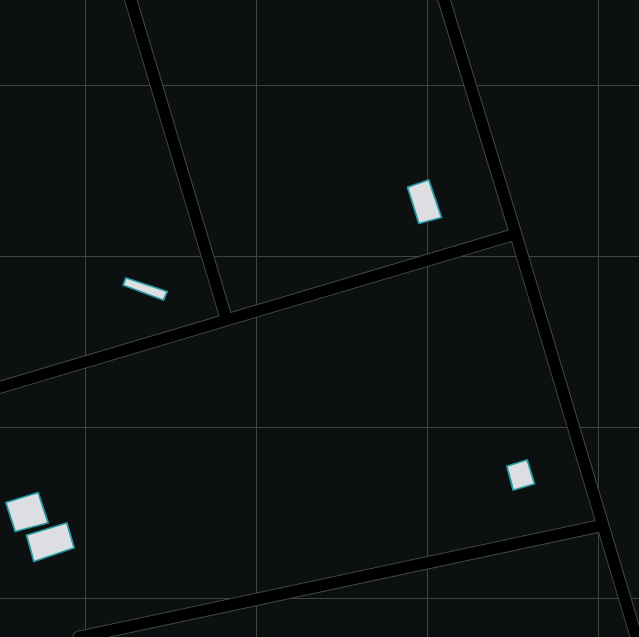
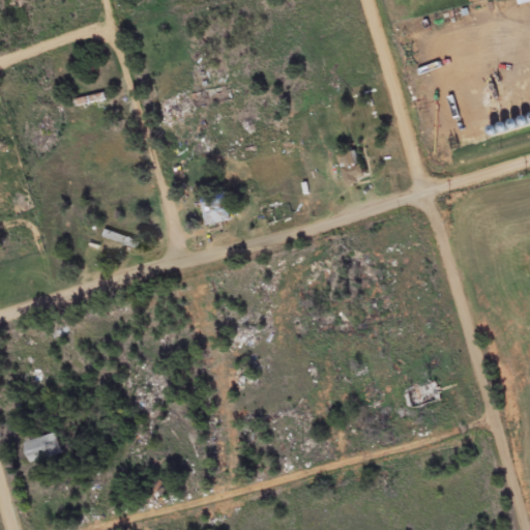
building: none -> [200,194,228,223]
building: [6,492,48,532] -> none

